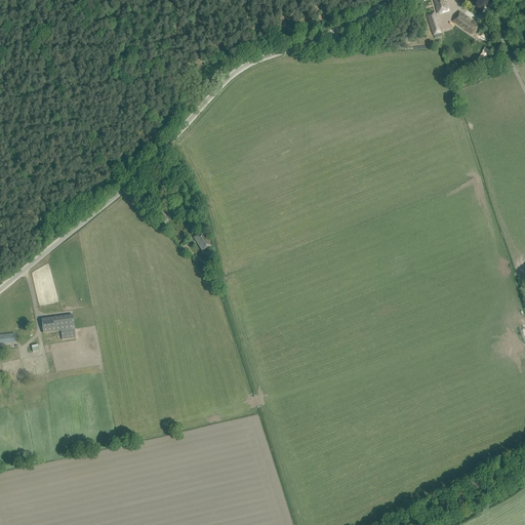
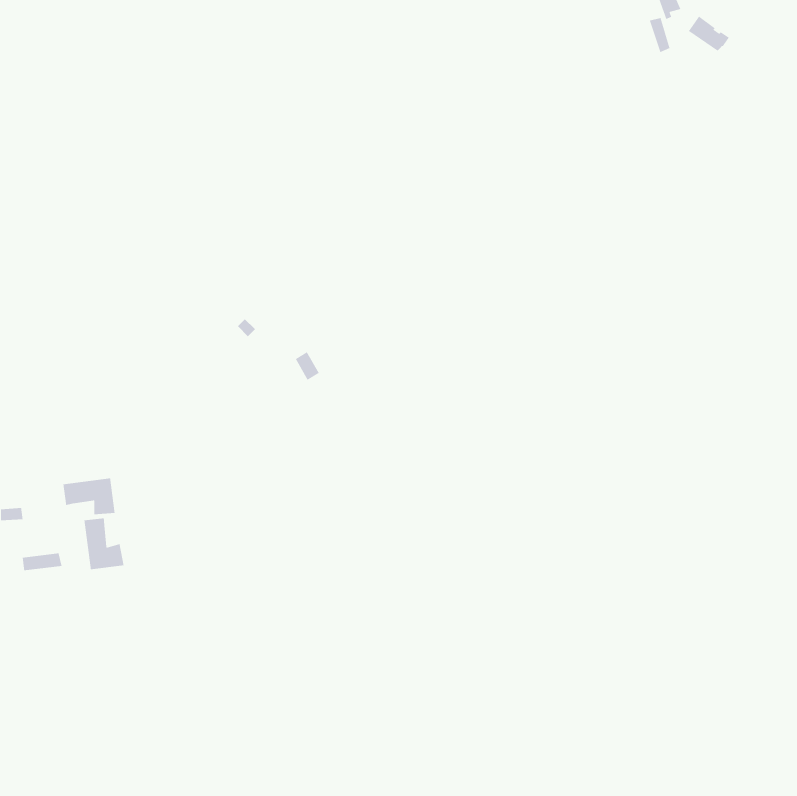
building: none -> [84,517,124,570]

